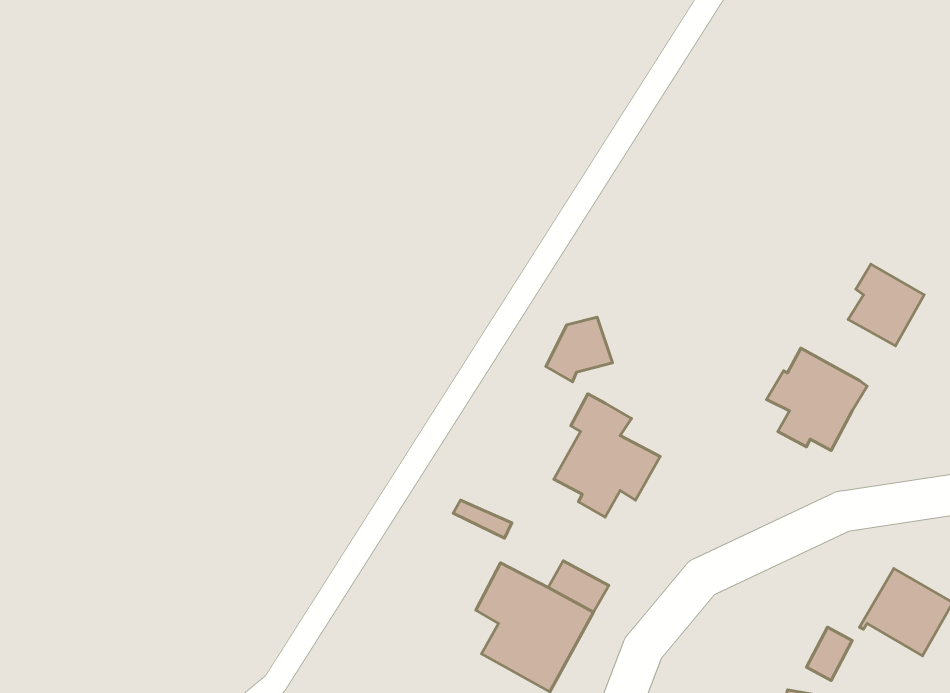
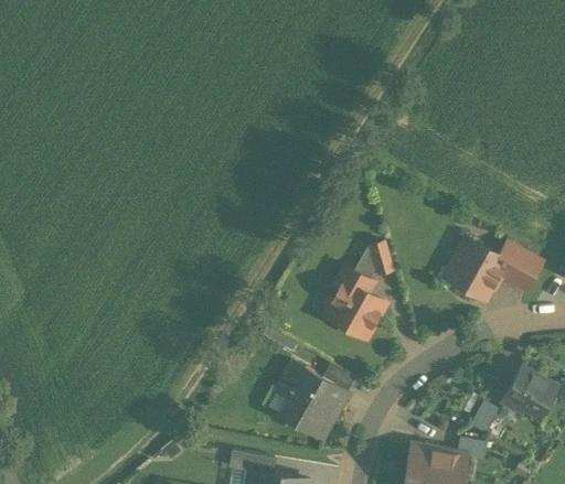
building: [848,264,924,346] -> [498,245,542,292]
building: [546,317,612,382] -> [354,244,393,281]

